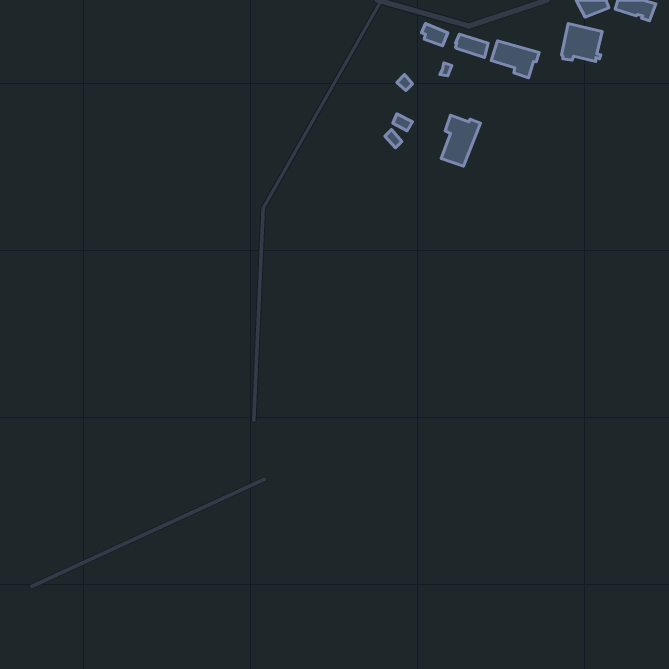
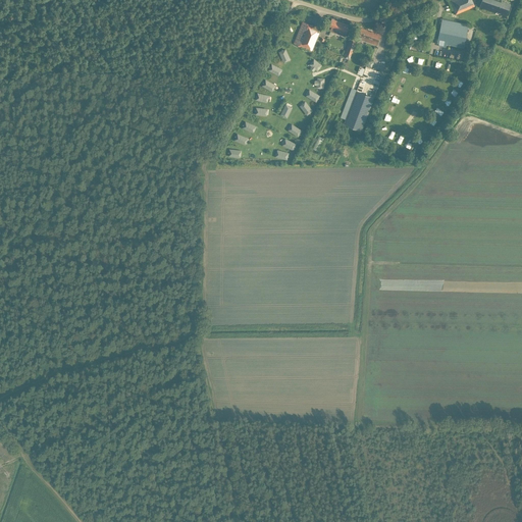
building: none -> [294,20,319,51]
building: [491,41,539,78] -> none

